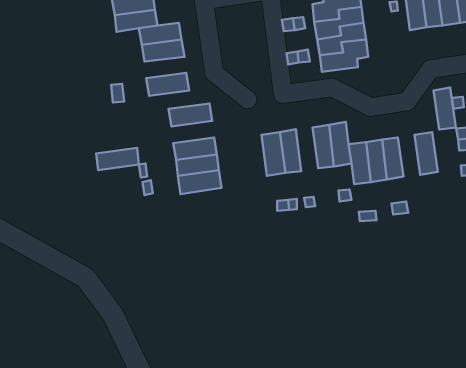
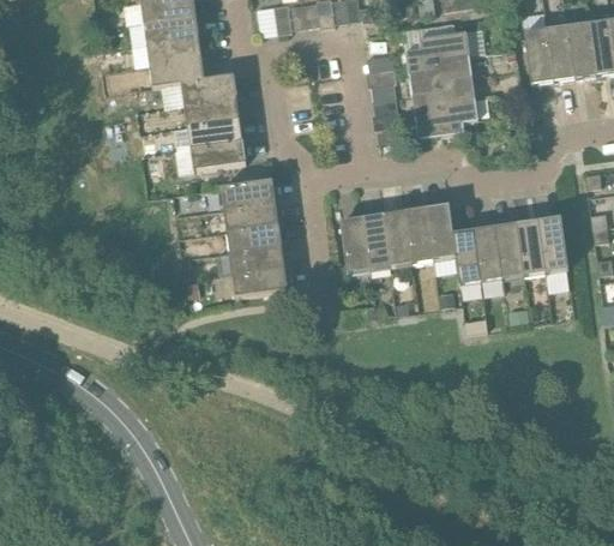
building: none -> [188,119,242,146]
building: [434,88,456,129] -> [516,220,544,274]
building: none -> [384,210,413,266]
building: [96,148,139,170] -> [223,202,278,230]

